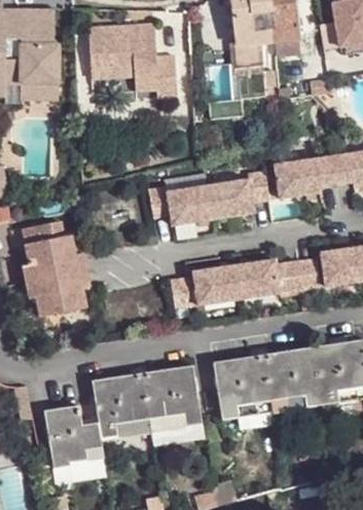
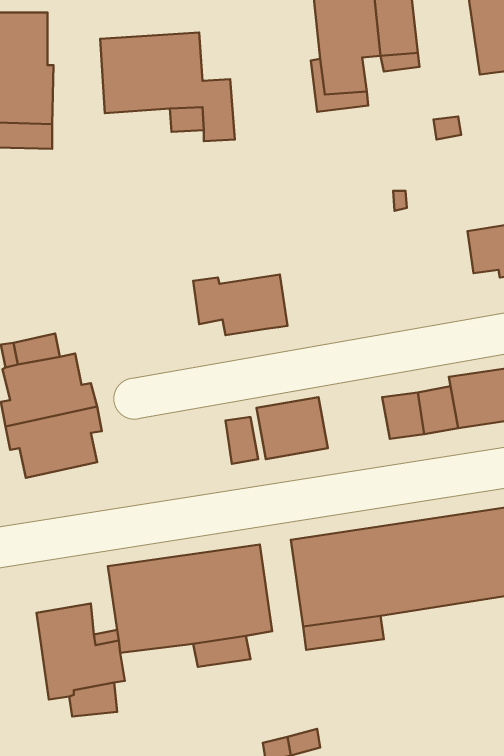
building: [275,155,336,198] -> none
building: [208,171,269,218] -> none
building: [233,259,281,299] -> none

